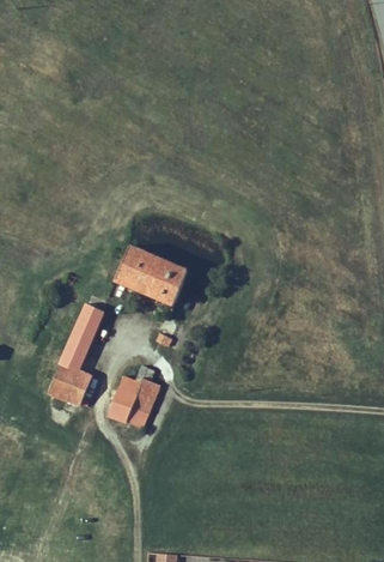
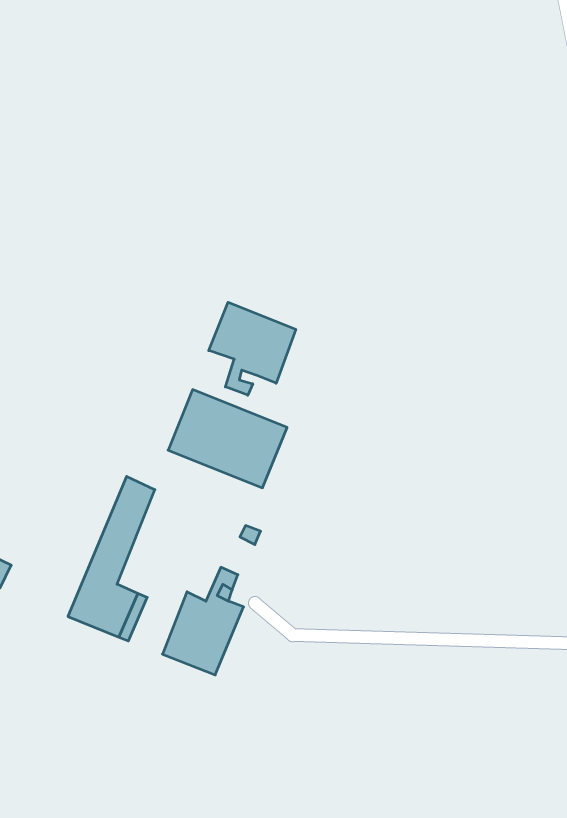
building: none -> [209,302,296,395]

